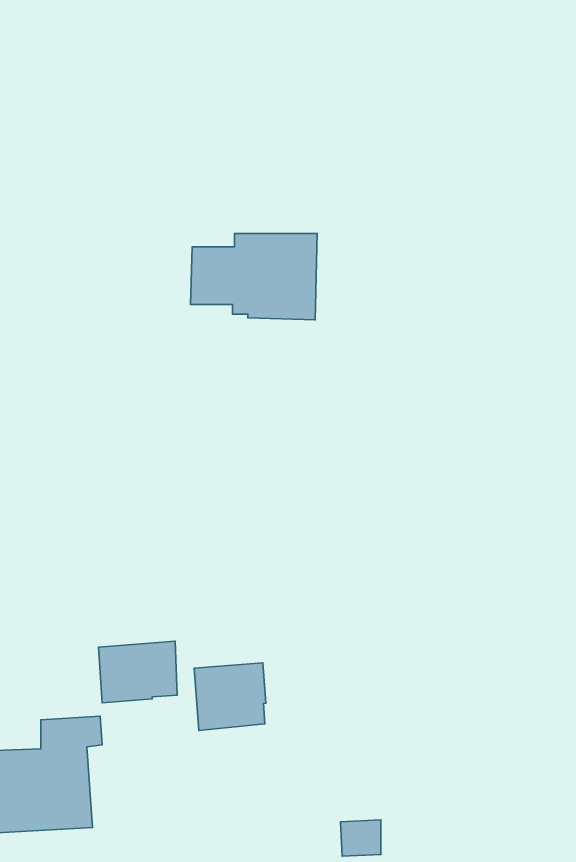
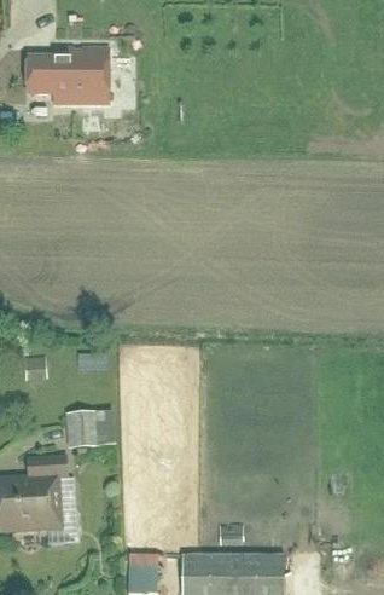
building: [190,233,317,320] -> [29,47,109,102]
building: [194,663,266,730] -> none

